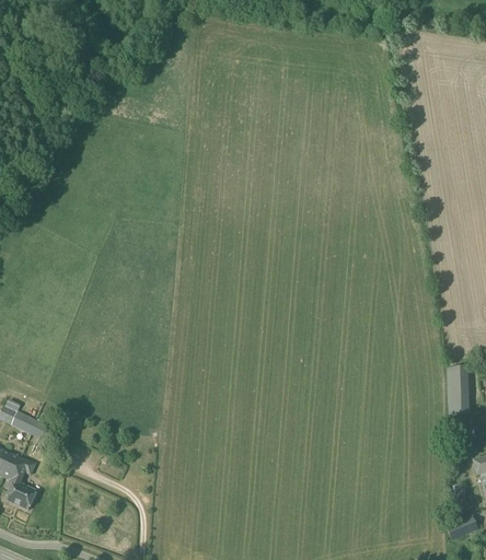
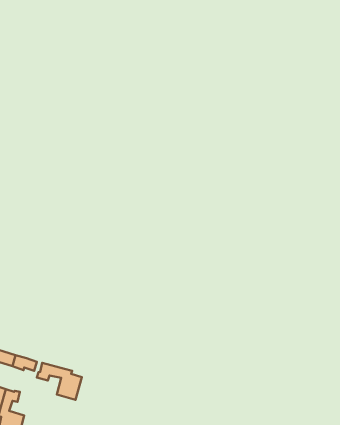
building: none -> [37,363,82,400]

